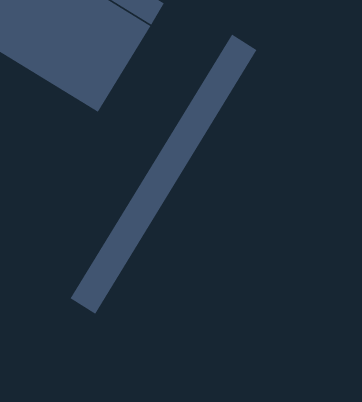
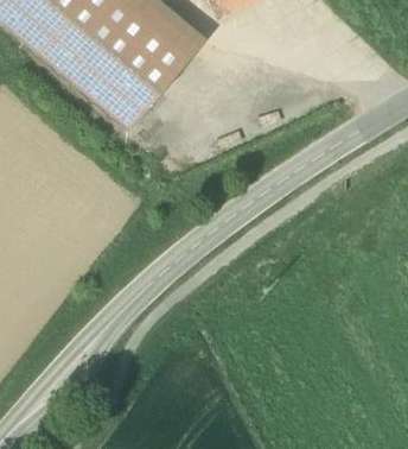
building: [70,33,258,315] -> none

